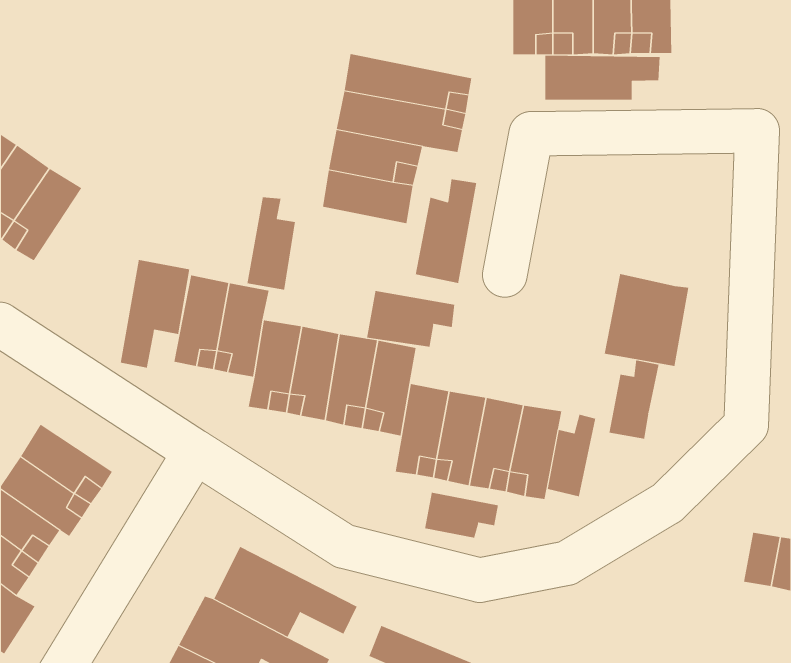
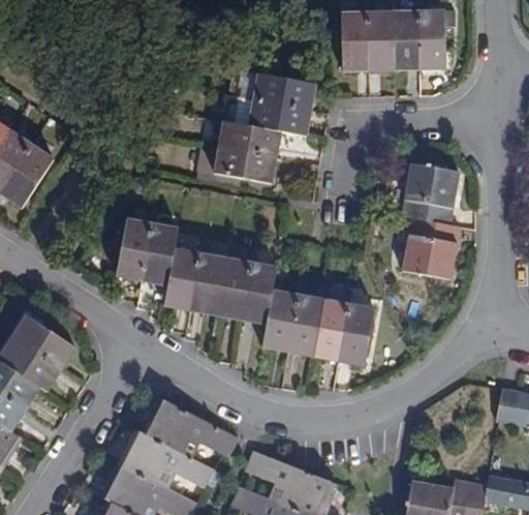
building: [545,55,660,100] -> none
building: [415,178,477,284] -> none
building: none -> [403,162,460,224]
building: [247,197,295,291] -> none
building: [120,259,190,368] -> none
building: [367,290,455,348] -> none
building: [609,360,659,439] -> none
building: [547,414,596,497] -> none
building: [424,492,498,538] -> none

